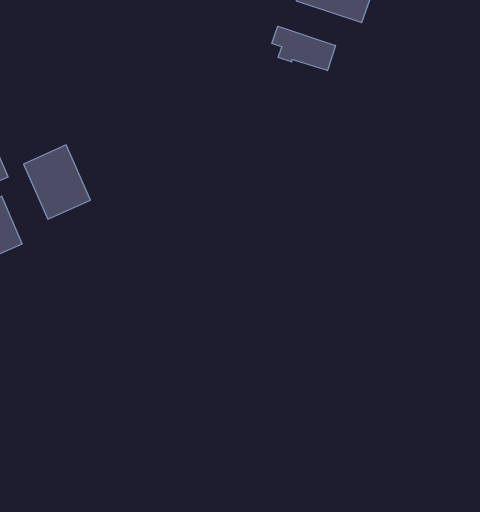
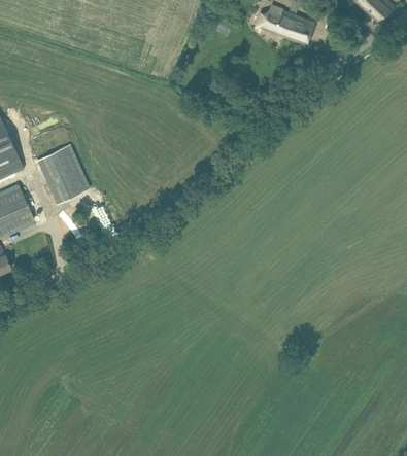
building: [272,26,335,71] -> none

